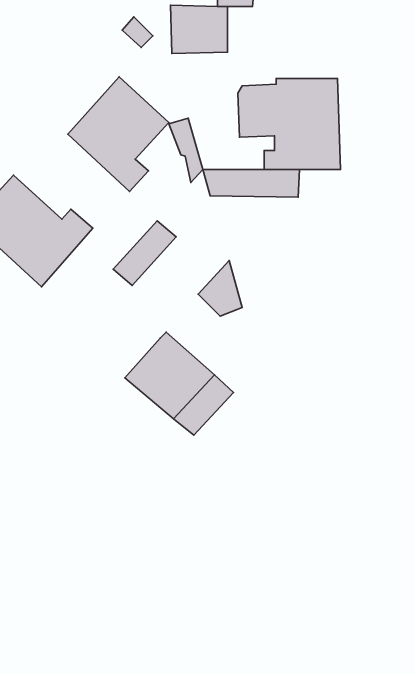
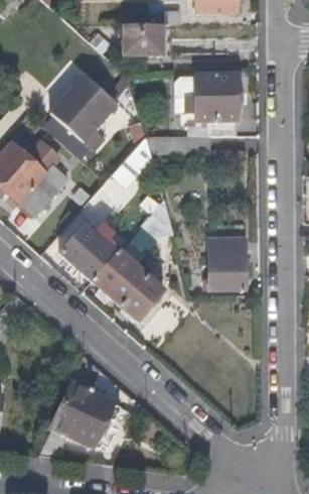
building: none -> [58,225,113,279]
building: none -> [206,241,243,290]
building: none -> [38,384,118,457]

